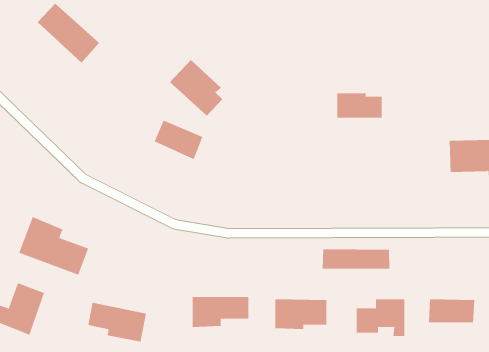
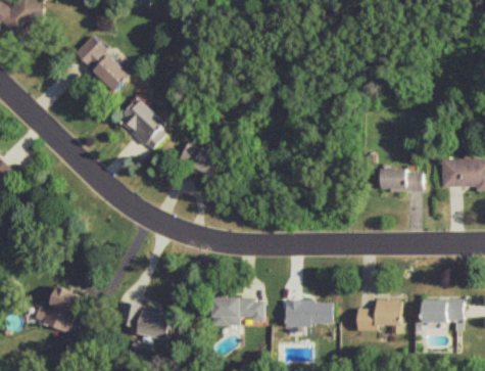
building: [169,59,223,116] -> [116,98,164,149]
building: [337,93,382,118] -> [380,168,421,190]
building: [19,216,89,276] -> none
building: [322,249,390,270] -> none

